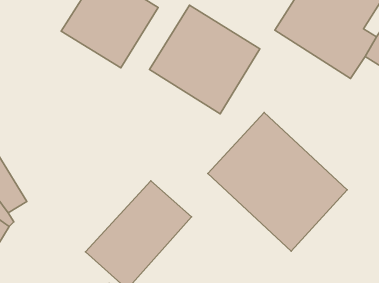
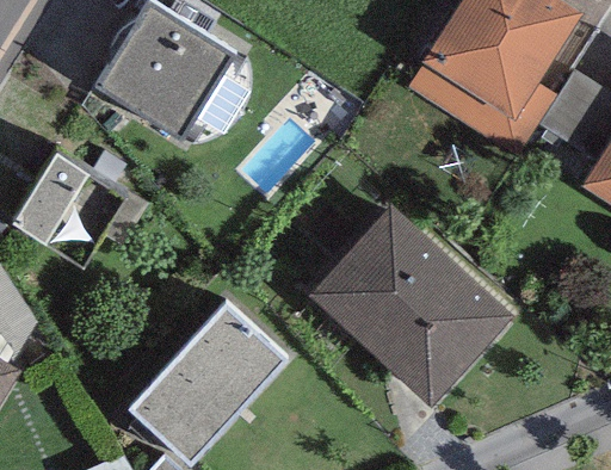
building: [149,5,260,114] -> none
building: none -> [10,151,123,266]

